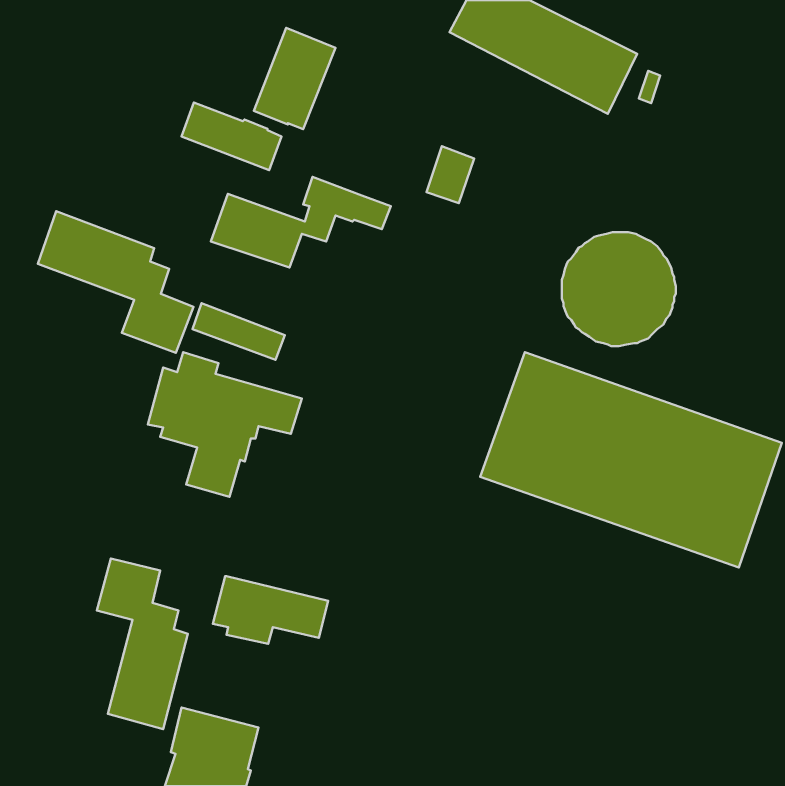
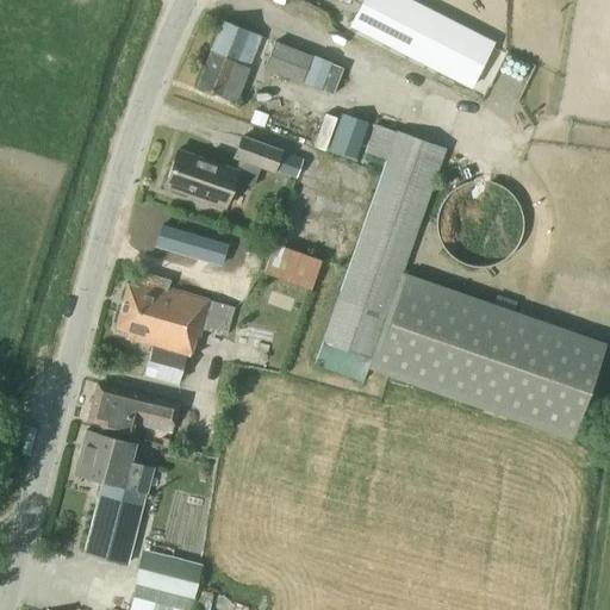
building: [181,103,281,170] -> [266,42,343,94]
building: none -> [316,124,447,382]
building: [38,211,193,353] -> none
building: none -> [264,244,322,290]
building: [213,576,328,644] -> [89,385,179,437]

